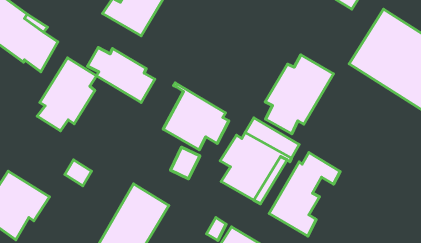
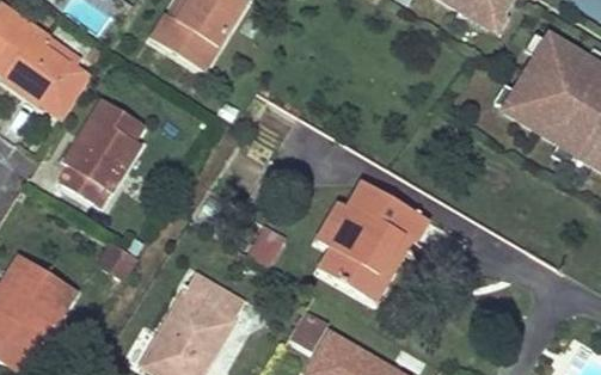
building: [88,47,155,102] -> none
building: [265,55,333,134] -> none
building: [163,83,229,150] -> none
building: [269,153,340,236] -> none

